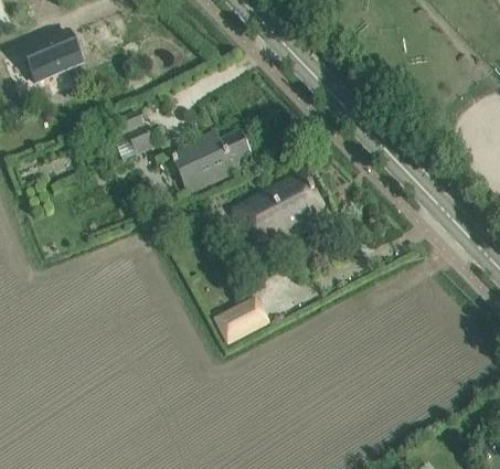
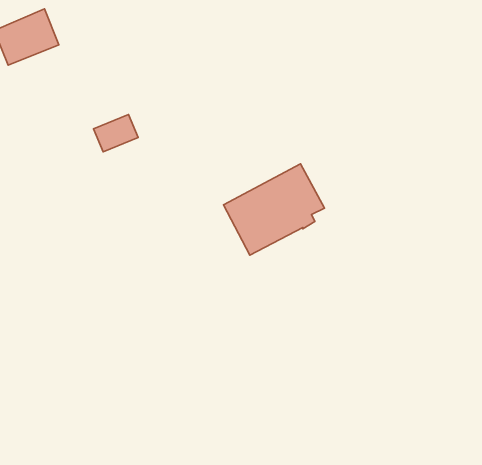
building: [170,128,251,190] -> none
building: [214,296,268,343] -> none

